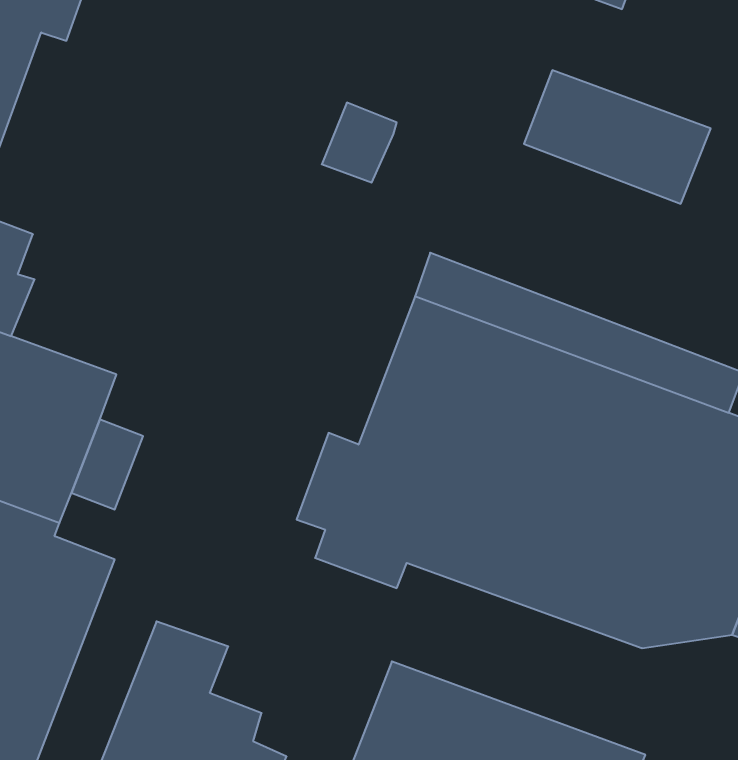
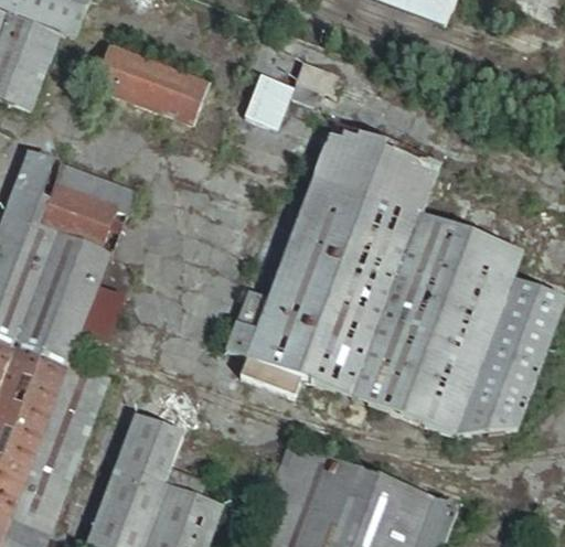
building: none -> [94,50,203,121]
building: [524,70,711,204] -> [315,126,438,214]
building: none -> [290,64,330,103]
building: none -> [38,162,127,255]

